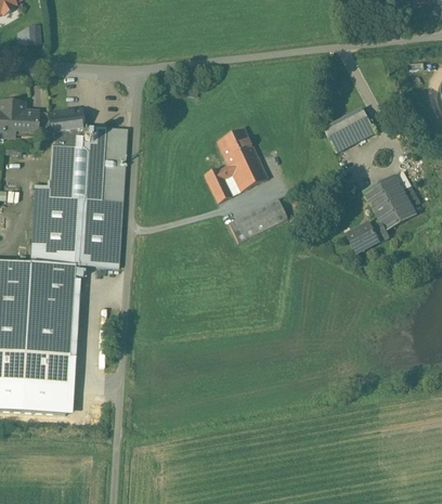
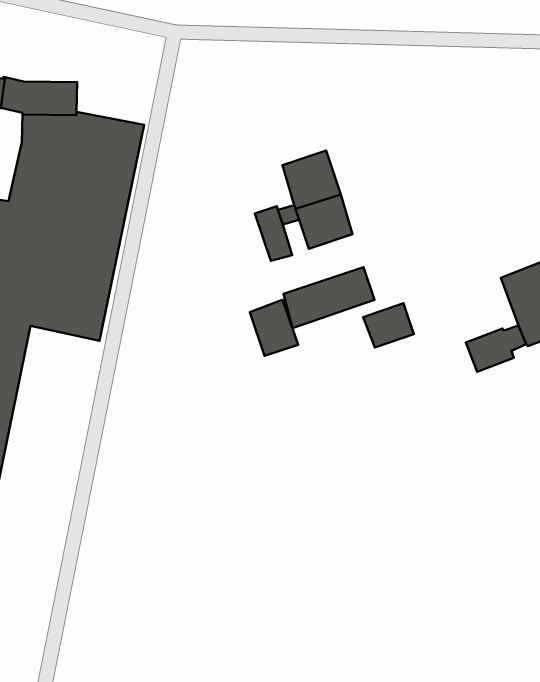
building: [325,107,376,152] -> none
building: none -> [363,303,414,347]
building: none -> [250,300,298,356]

